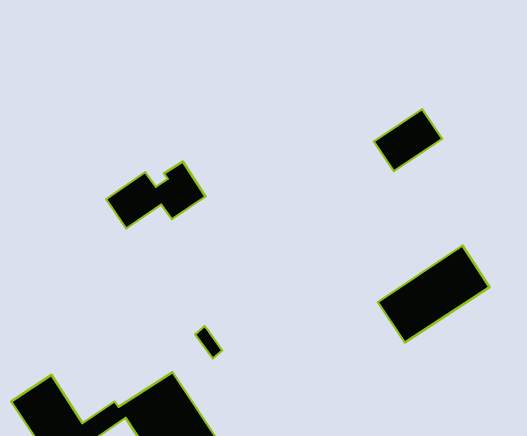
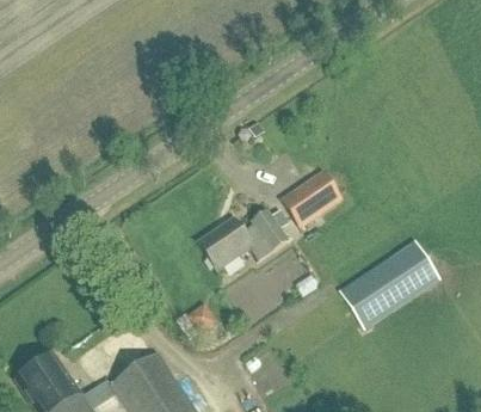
building: [374,109,442,171] -> [282,173,343,228]
building: [106,161,206,229] -> [199,208,288,268]

